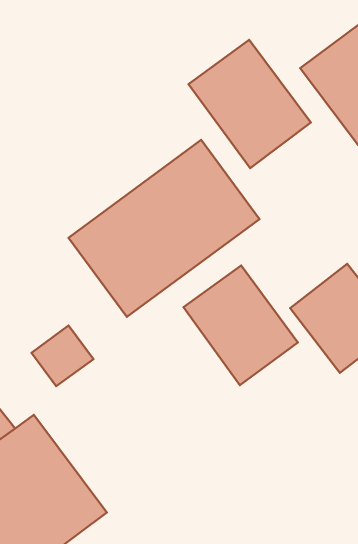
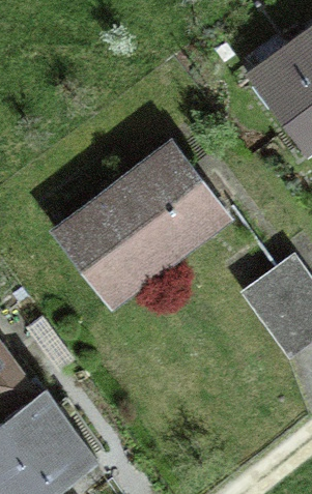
building: [189,40,311,168] -> none
building: [183,265,298,385] -> none

